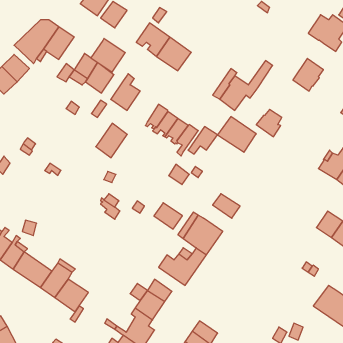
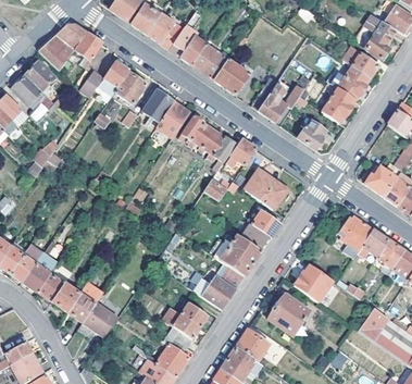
building: [91,38,125,72] -> [147,12,184,48]
building: none -> [344,46,383,77]
building: none -> [214,59,250,94]
building: none -> [322,88,354,122]
building: [218,117,256,152] -> [245,170,286,208]
building: [96,123,127,158] -> [157,100,190,137]
building: none -> [340,215,374,250]
building: [154,203,182,229] -> [241,222,272,250]
building: none -> [295,264,334,302]
building: none -> [269,293,310,334]
building: none -> [237,329,270,360]

